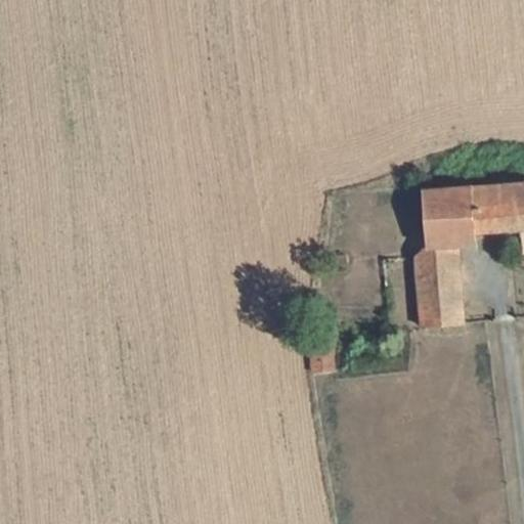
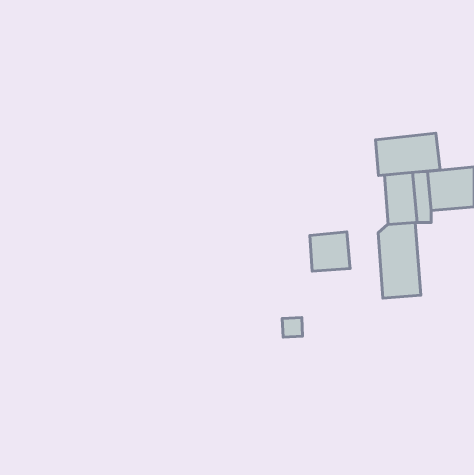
building: none -> [376,133,440,175]
building: none -> [310,232,350,271]

